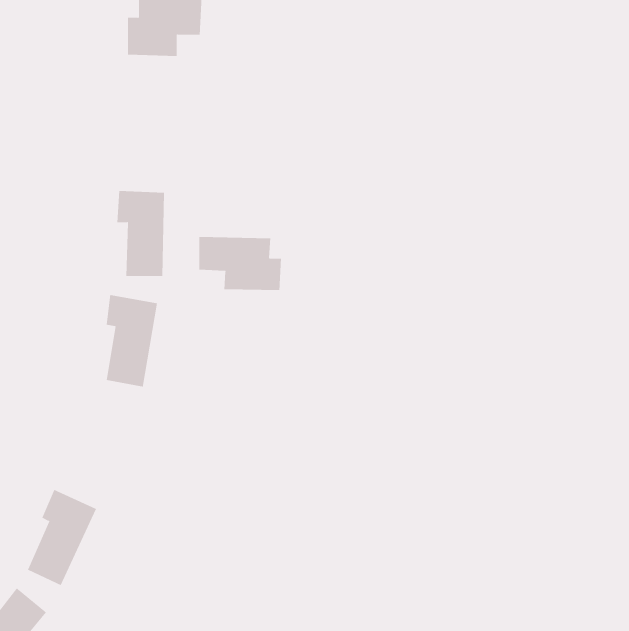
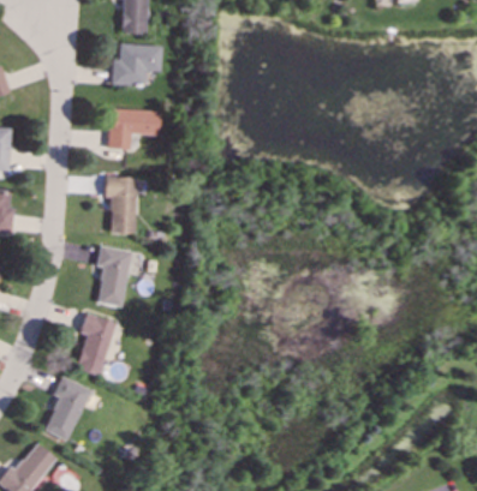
building: none -> [109,108,160,148]
building: [199,236,282,291] -> none
building: none -> [77,312,117,376]

